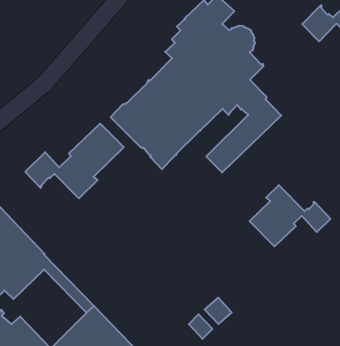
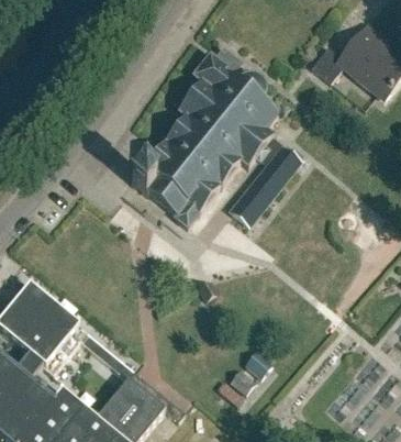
building: [25,124,124,198] -> none
building: [250,185,330,246] -> none

